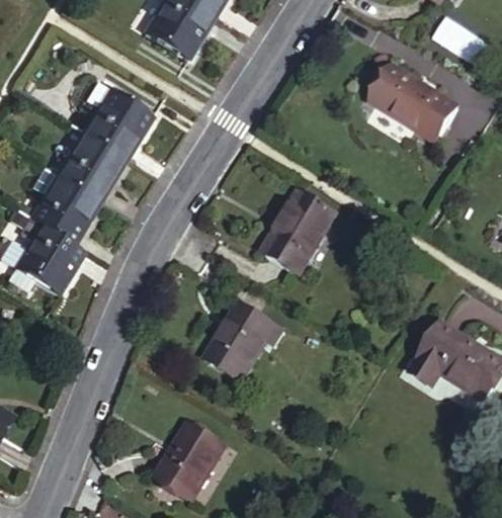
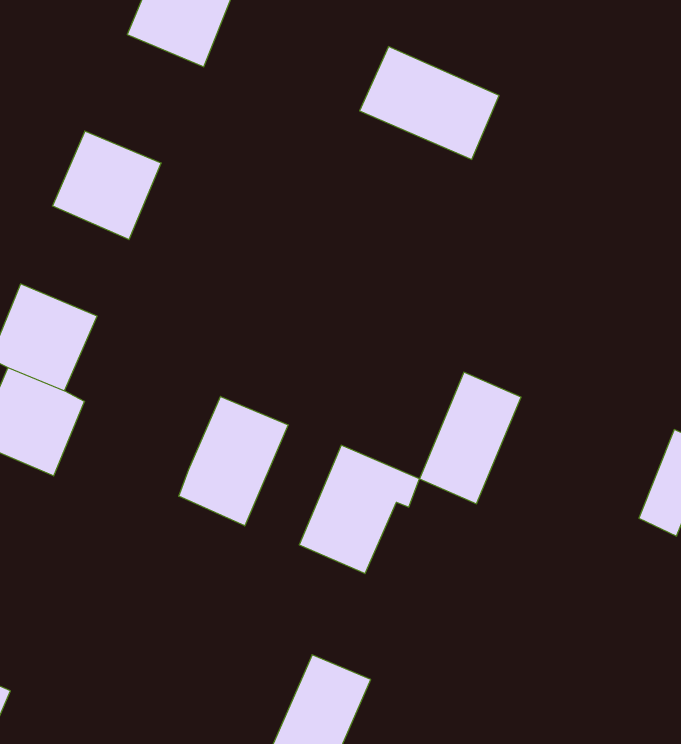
building: [372,65,458,141] -> [360,47,499,159]
building: [57,130,127,200] -> none
building: [260,189,329,270] -> [420,372,521,504]
building: none -> [179,396,288,526]

